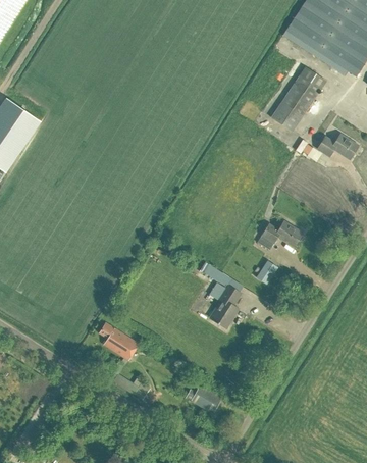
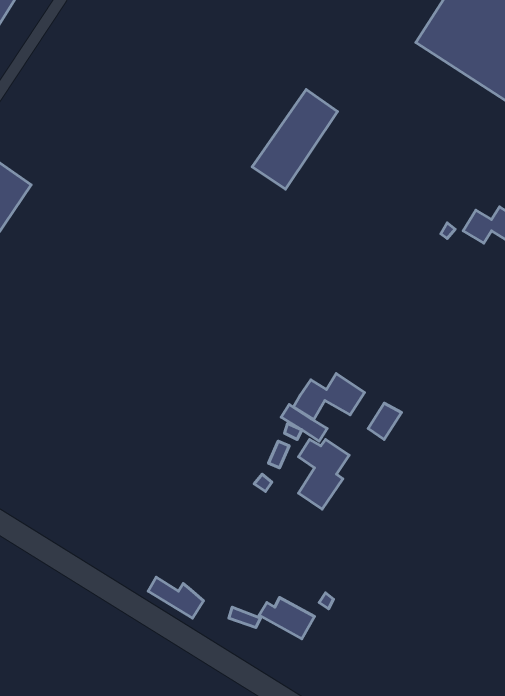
building: [269,67,324,132] -> [252,89,338,189]
building: [256,221,302,251] -> [293,374,365,419]
building: [97,322,138,360] -> none

